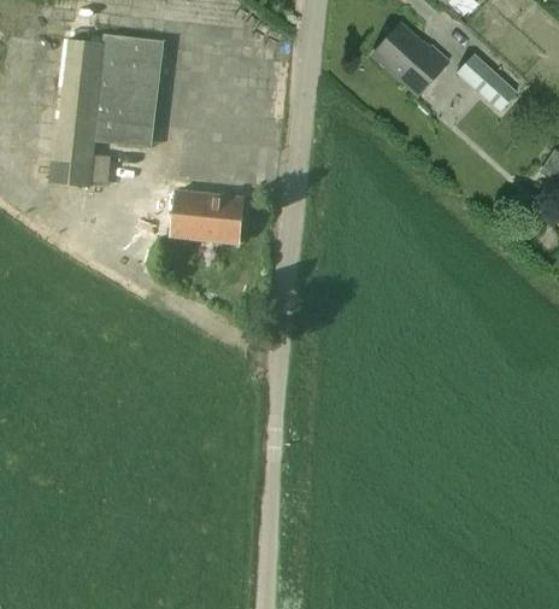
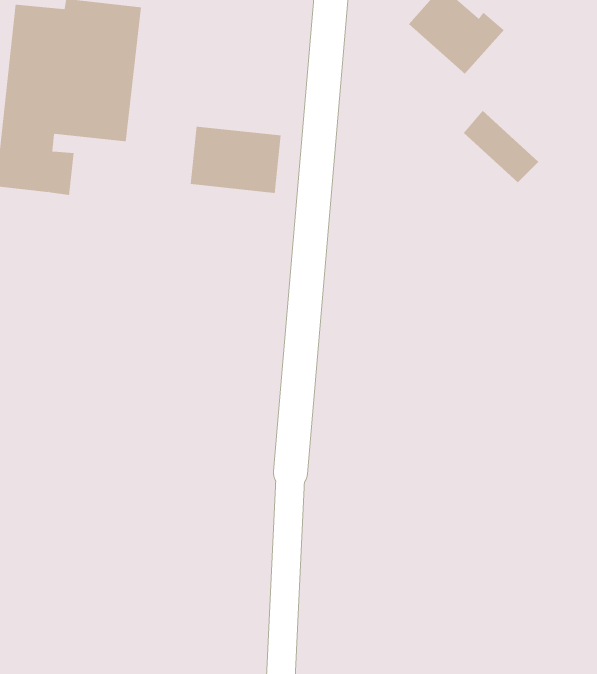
building: [457,52,517,110] -> [463,110,539,183]
building: [171,191,243,244] -> [190,126,282,193]

